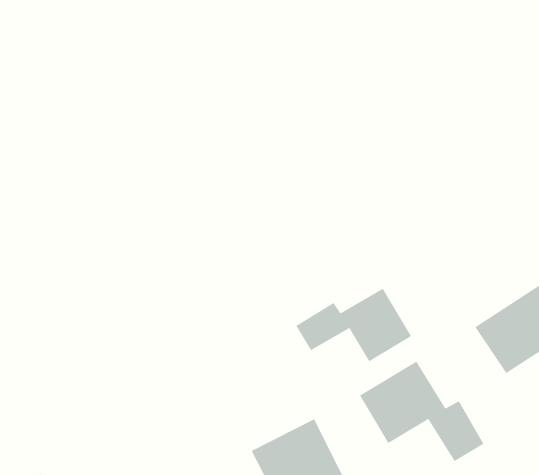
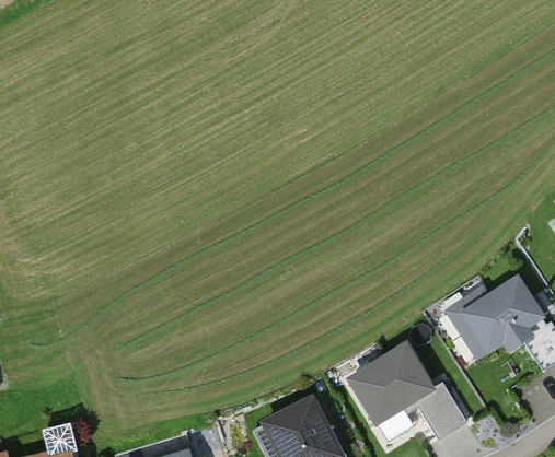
building: [296,288,412,362] -> none

